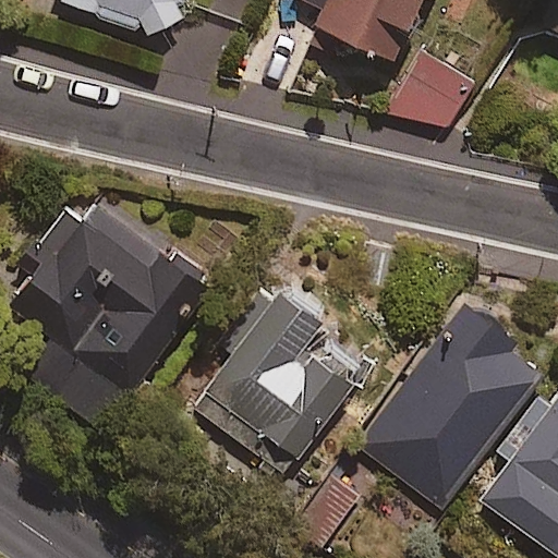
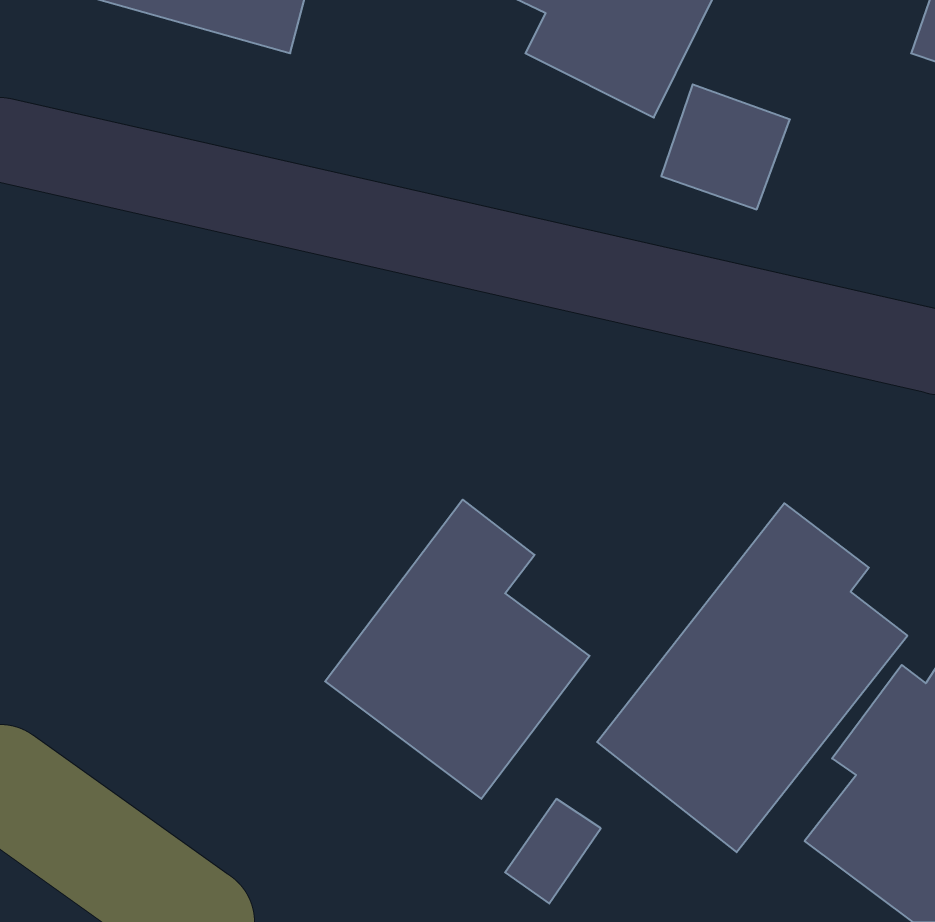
building: [12,205,207,430] -> none

